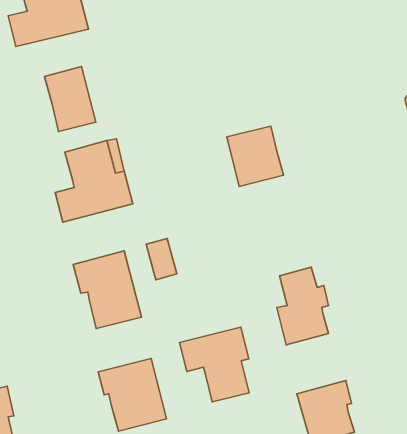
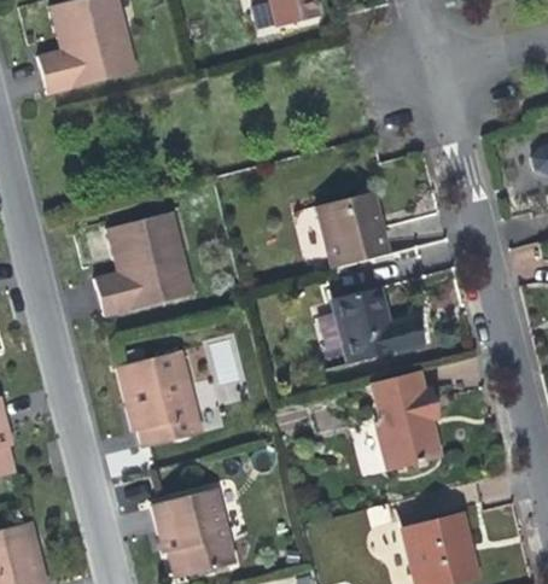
building: [45,66,96,131] -> none
building: none -> [333,290,422,364]
building: [180,327,249,402] -> none

